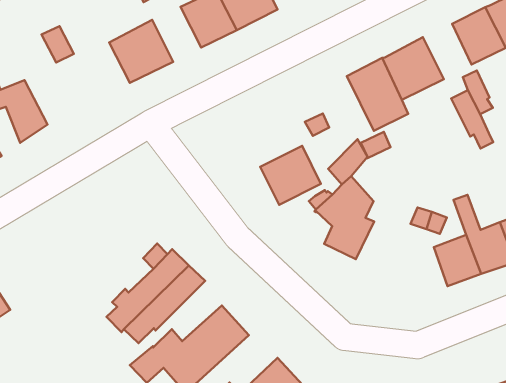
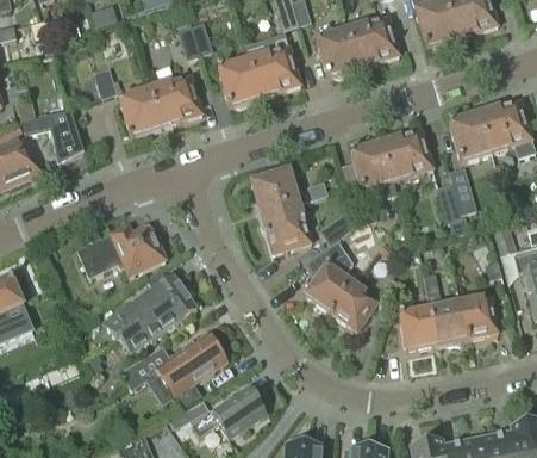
building: none -> [117,87,161,135]
building: none -> [250,169,300,217]
building: none -> [76,224,164,277]
building: none -> [330,274,377,330]

